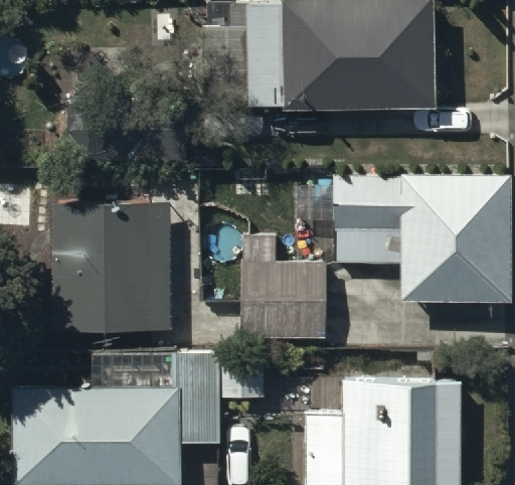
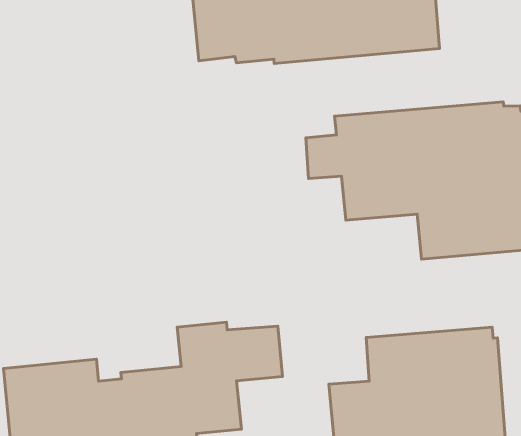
building: [51,210,173,333] -> none
building: [240,229,326,340] -> none

